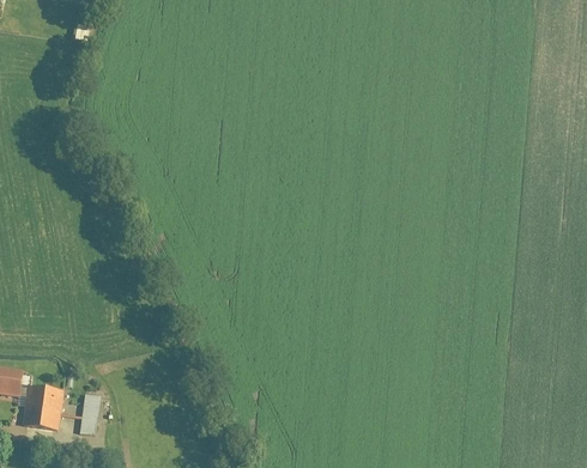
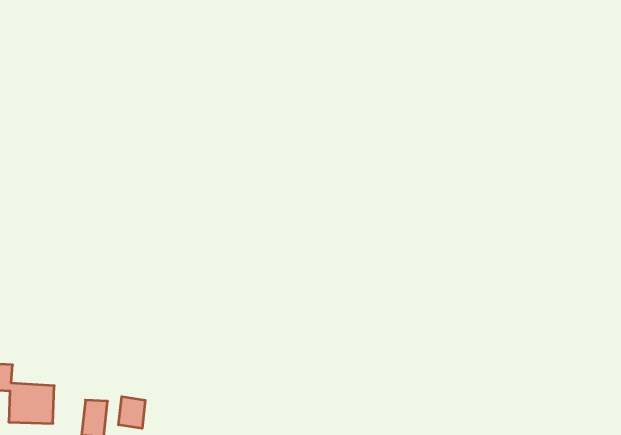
building: none -> [119,397,145,428]

